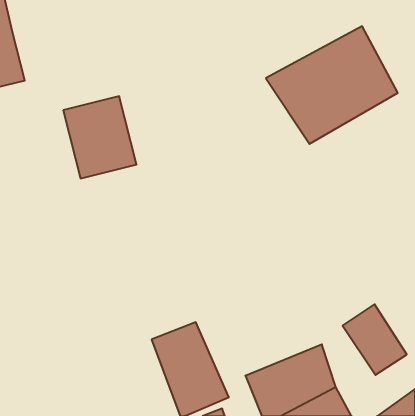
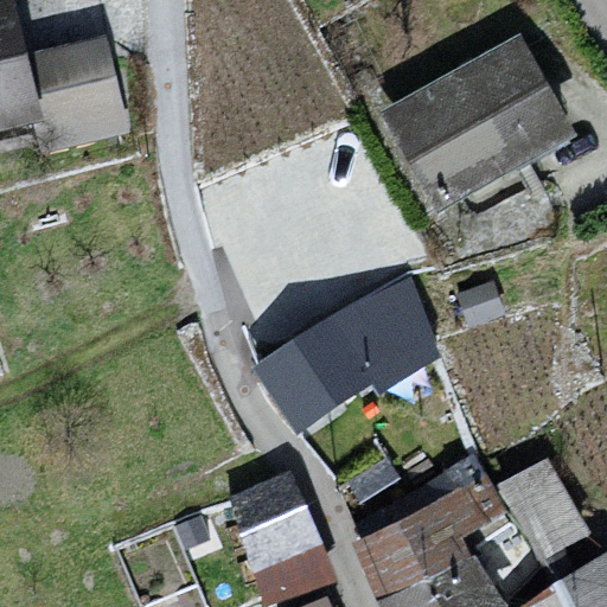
building: [63,96,137,178] -> [18,26,123,145]
building: none -> [254,283,453,447]

